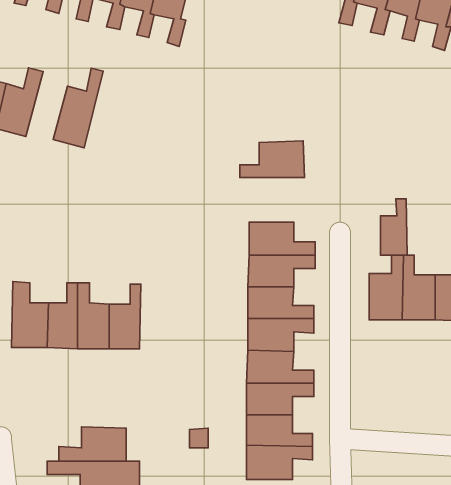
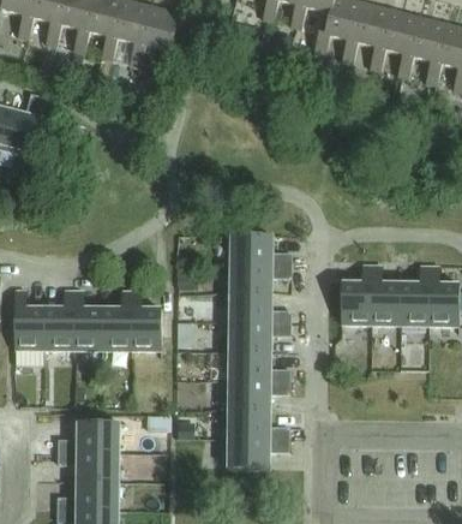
building: [53,68,103,148] -> none
building: [240,141,304,177] -> none
building: [381,199,407,255] -> none
building: none -> [131,291,161,350]

